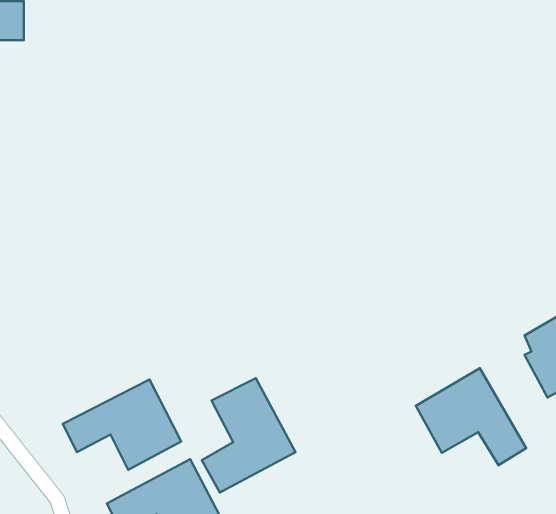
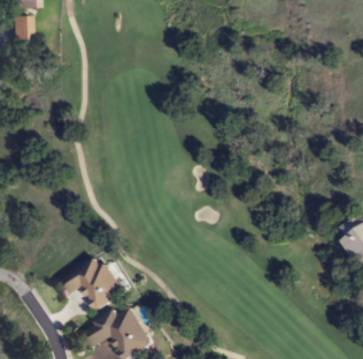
building: [416,368,526,465] -> none
building: [202,378,296,492] -> none

